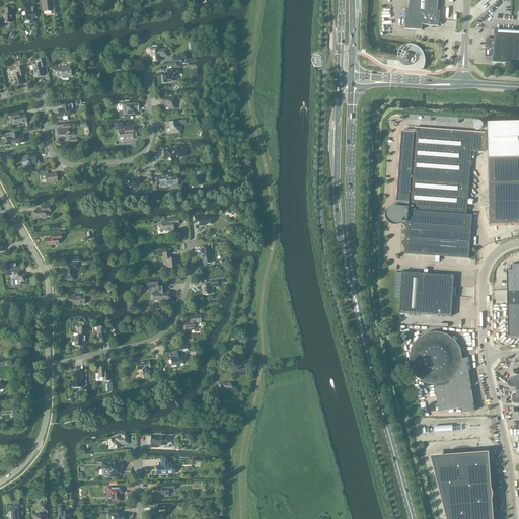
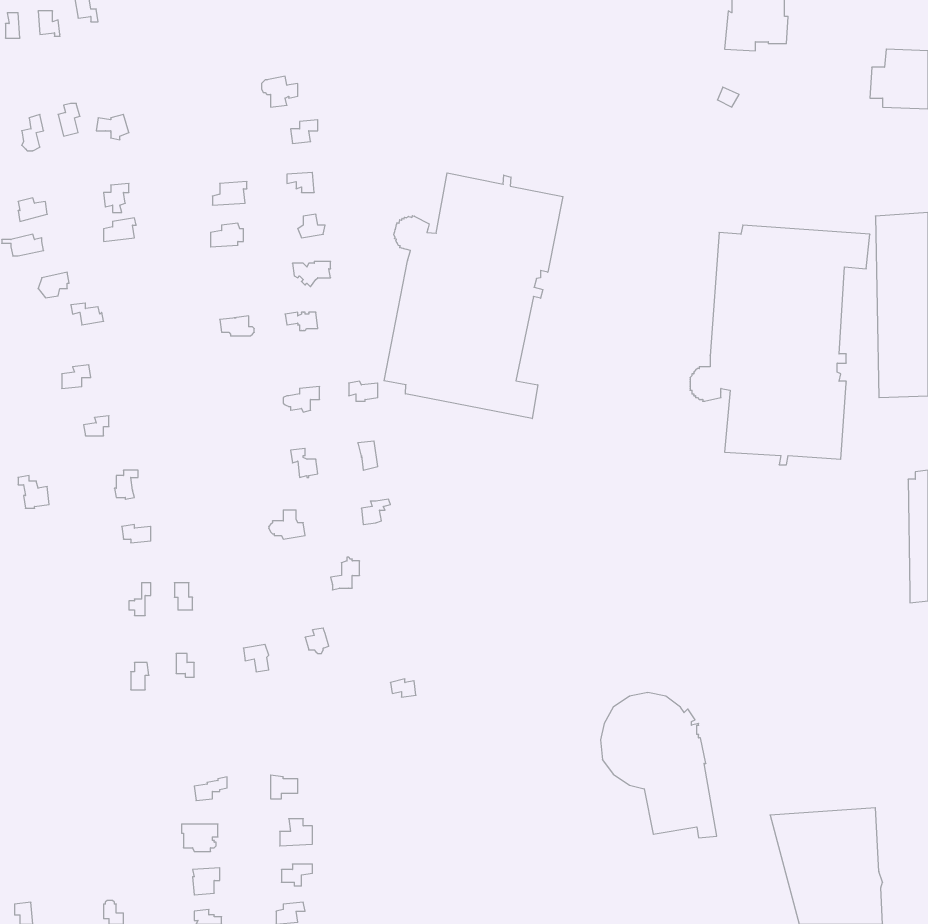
building: none -> [384,173,563,419]
building: [400,268,454,315] -> none
building: [410,329,474,411] -> [601,693,717,838]

